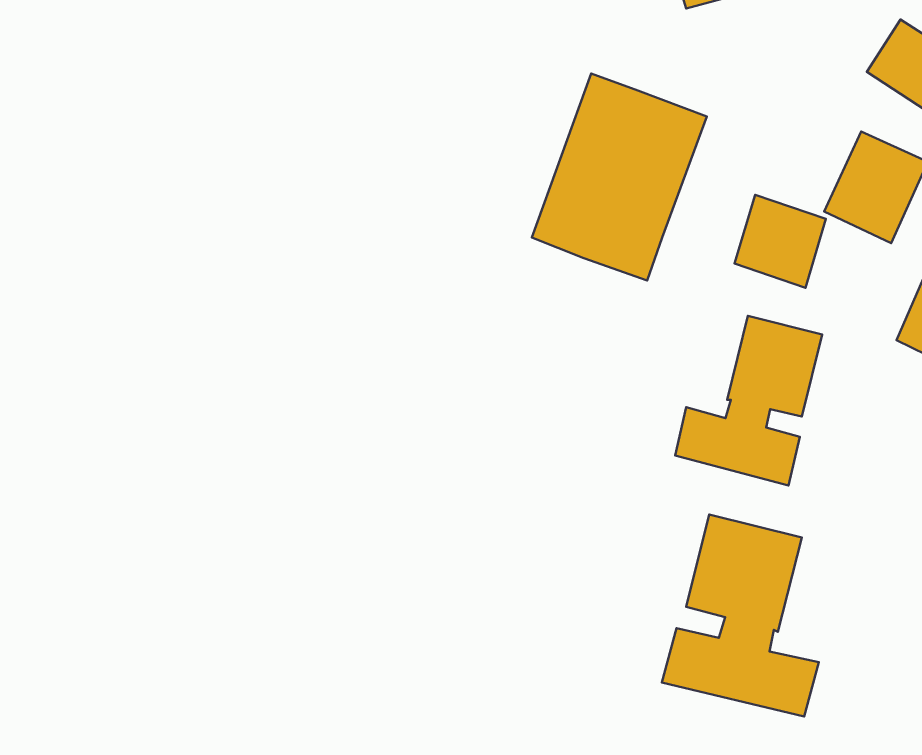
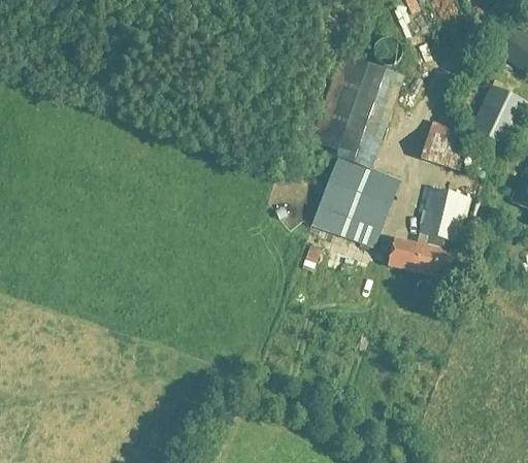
building: none -> [311,154,402,247]
building: [662,514,819,716] -> none

